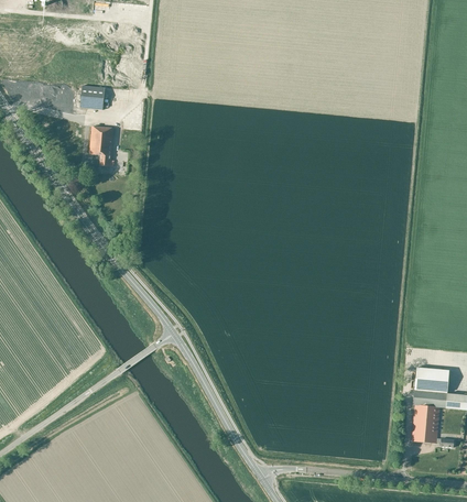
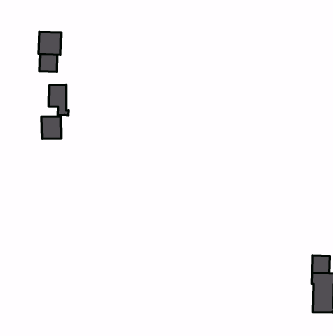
building: none -> [39,32,61,55]
building: none -> [42,116,61,139]

